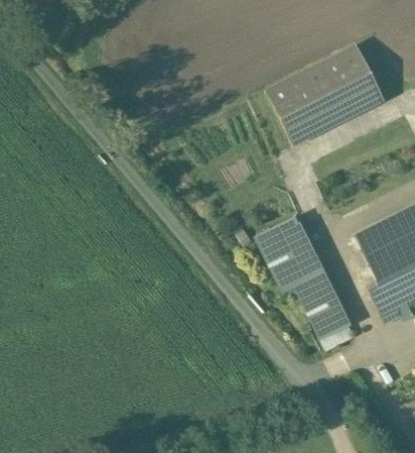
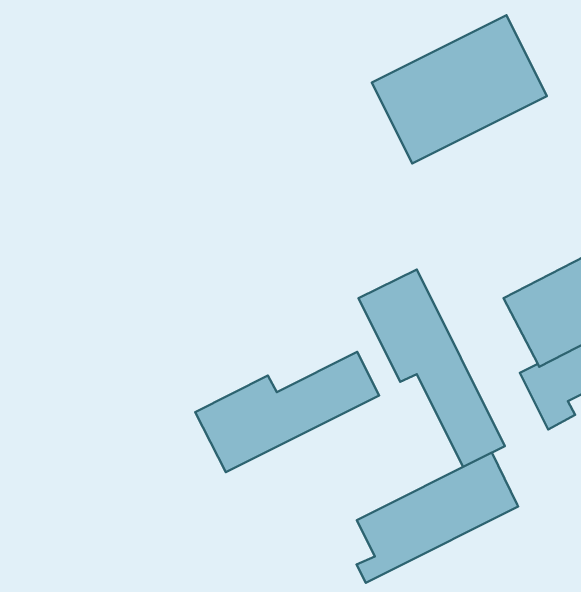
building: none -> [195,352,379,472]
building: none -> [356,453,518,583]

